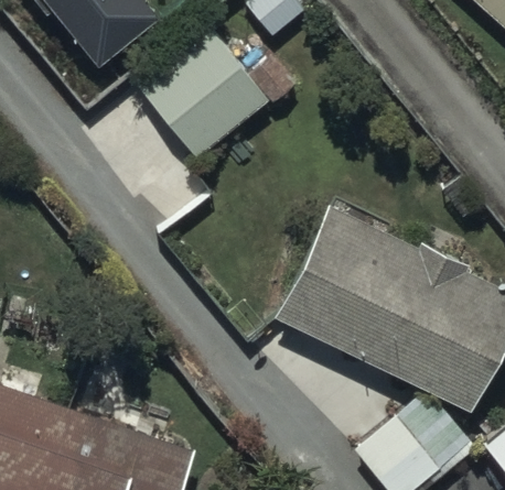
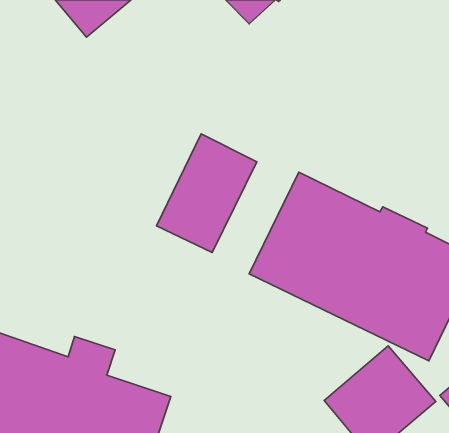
building: [138,30,301,164] -> none
building: none -> [156,134,257,253]

